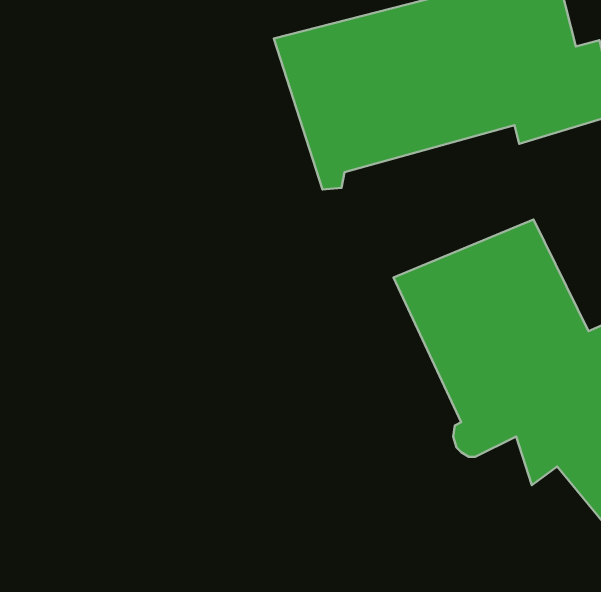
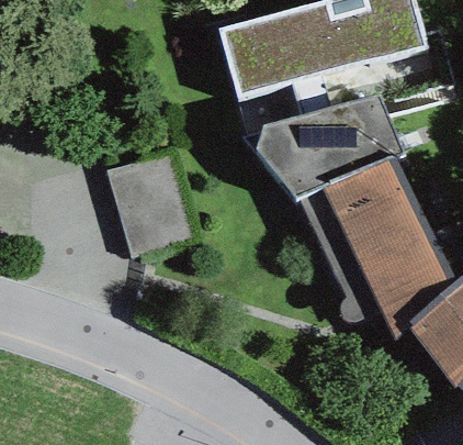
building: none -> [246,91,402,198]
building: none -> [106,152,196,263]

